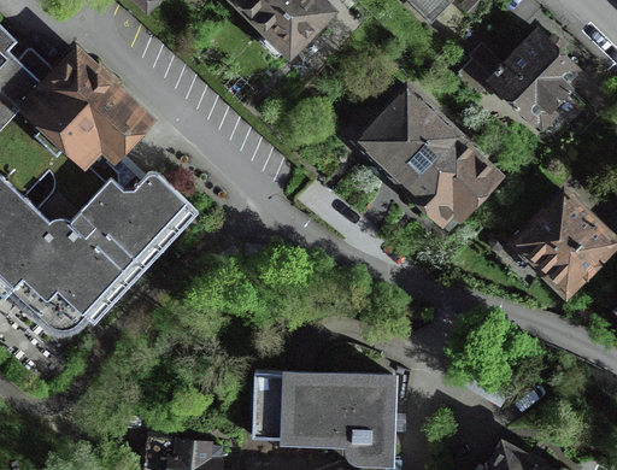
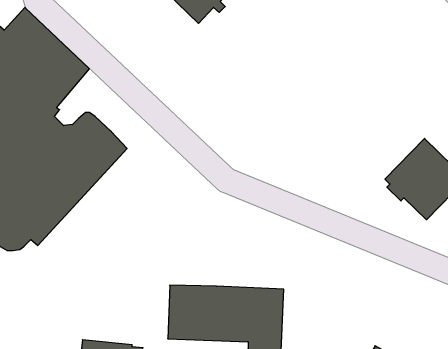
building: [456,33,581,131] -> none
building: [357,89,496,228] -> none

